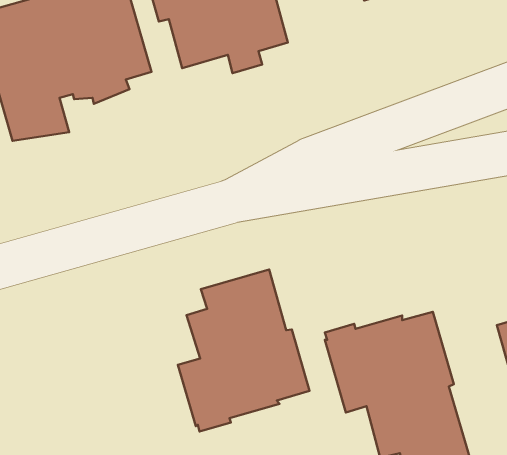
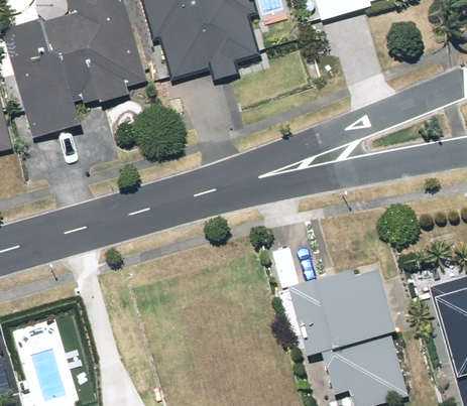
building: [178,270,310,431] -> none

